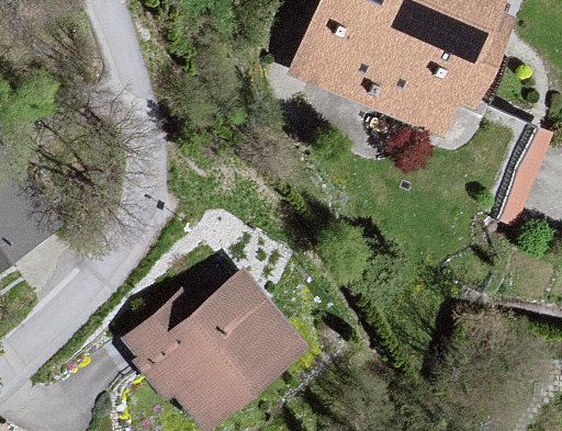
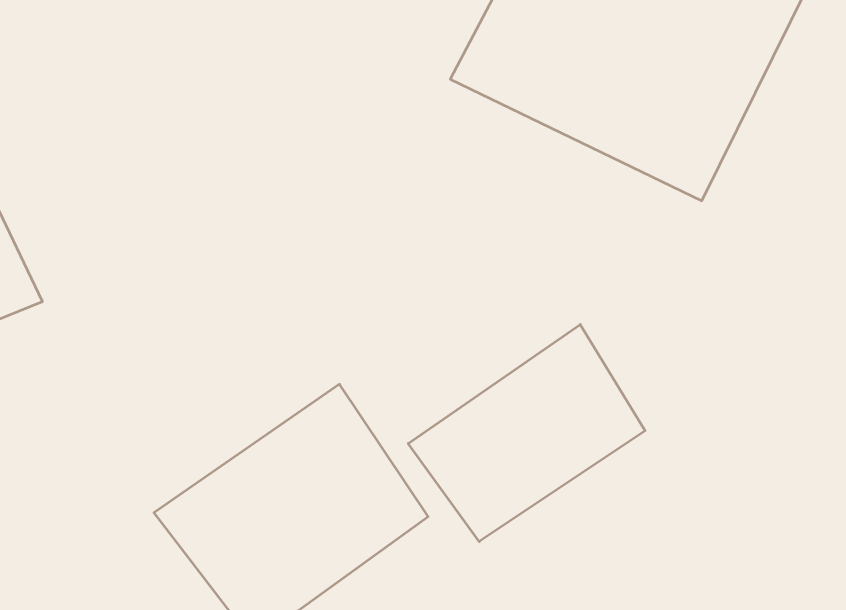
building: none -> [408,324,645,542]

